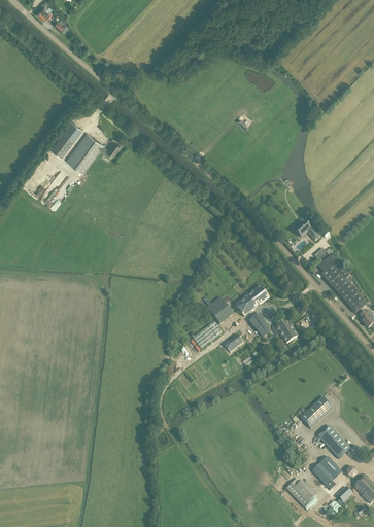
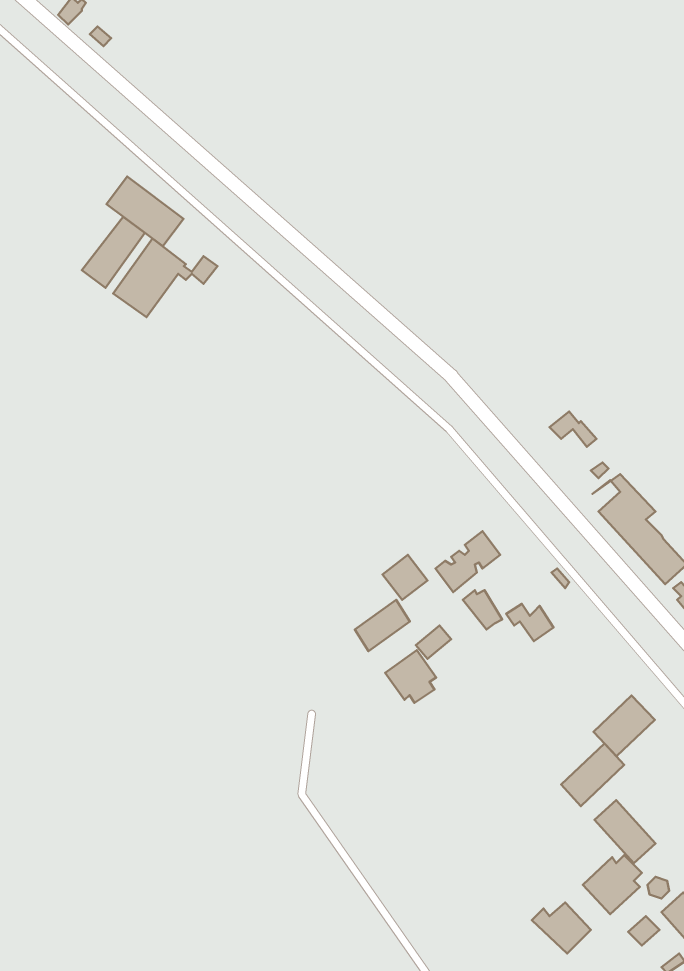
building: none -> [107,177,183,246]
building: none -> [385,650,436,703]
building: none -> [593,695,655,756]

